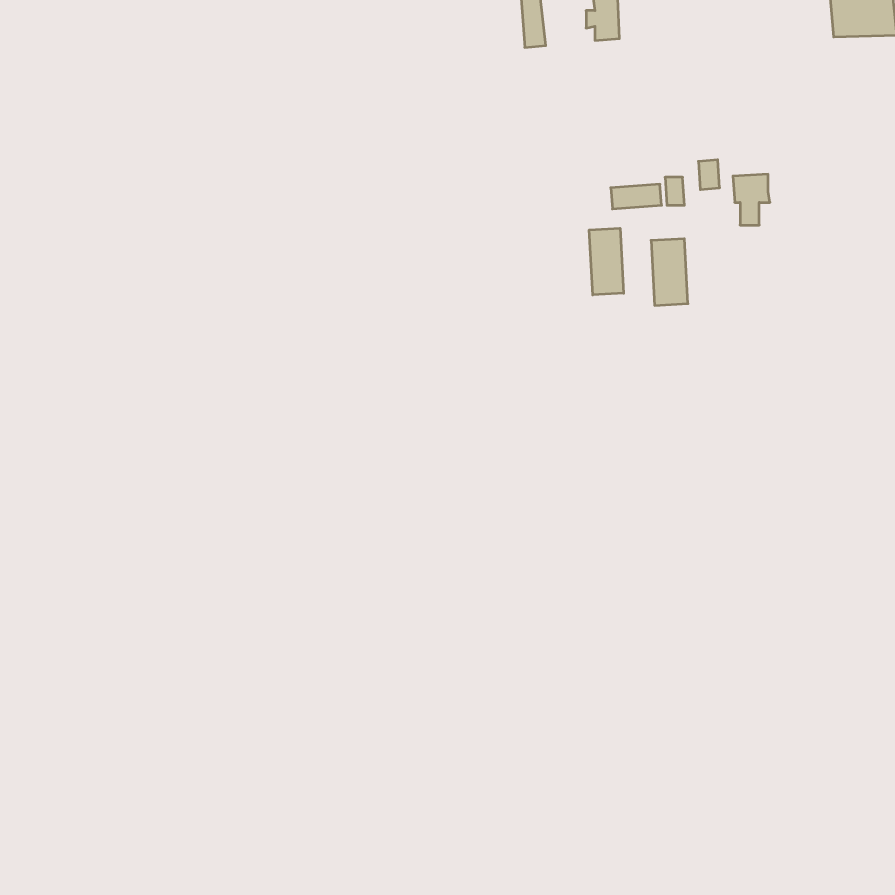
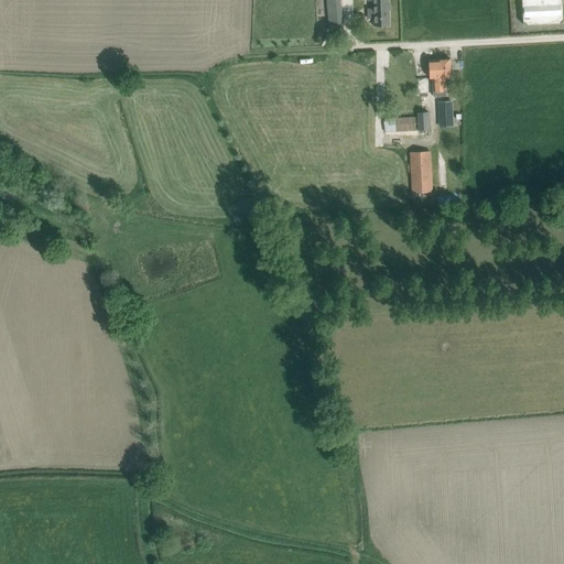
building: [733,174,770,225] -> [430,58,453,90]
building: [589,228,624,295] -> none

